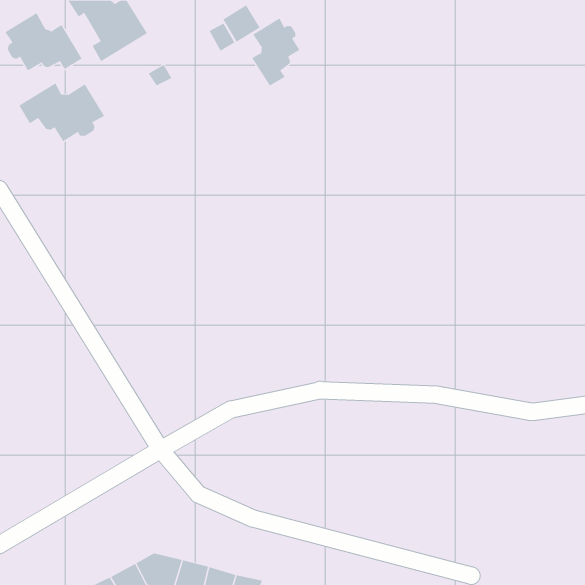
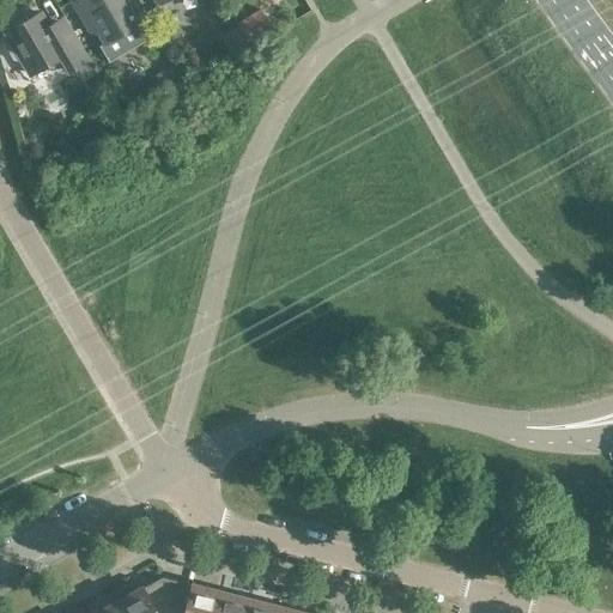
building: [252,18,300,87] -> none
building: [19,83,105,142] -> none

